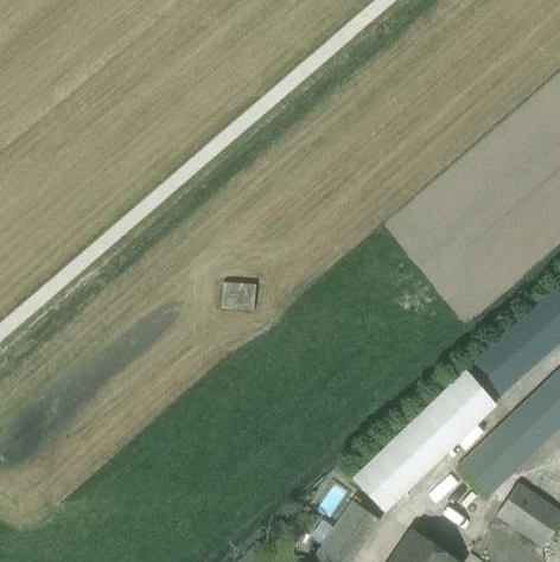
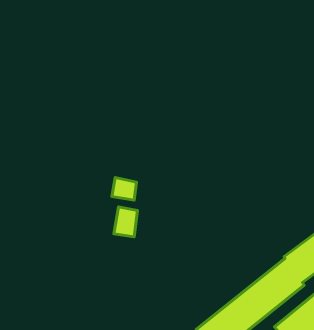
building: none -> [114,207,138,237]

